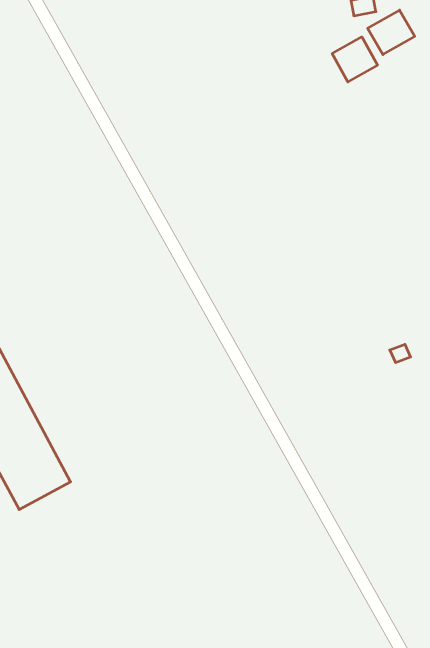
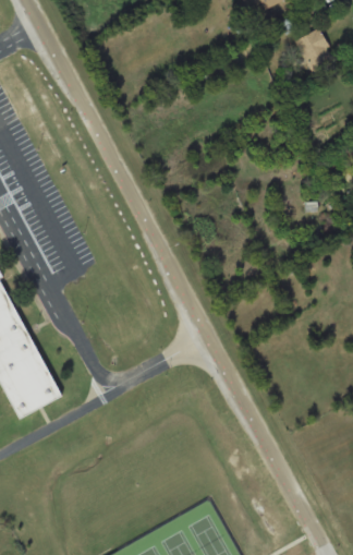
building: [332,37,377,82] -> none

